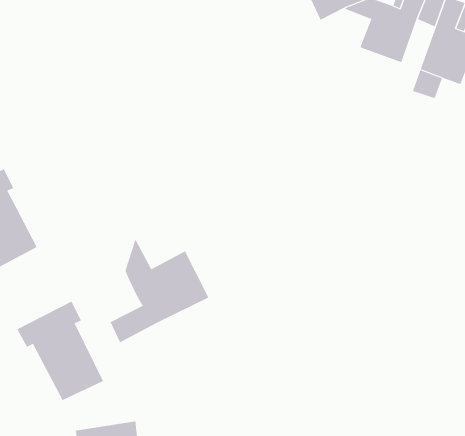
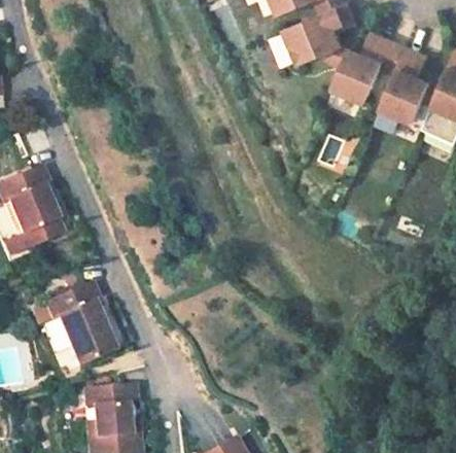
building: [110,240,209,343] -> none

